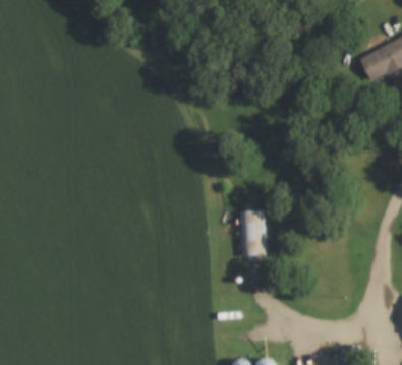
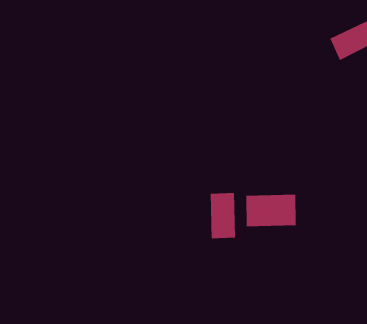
building: none -> [246,194,296,227]

